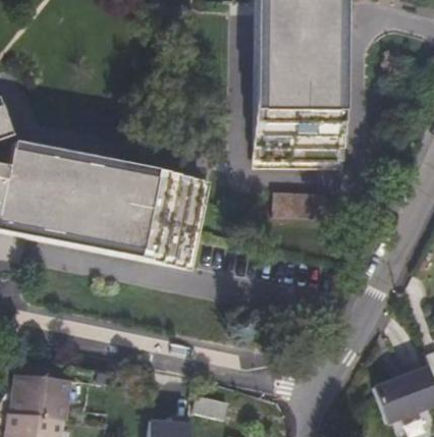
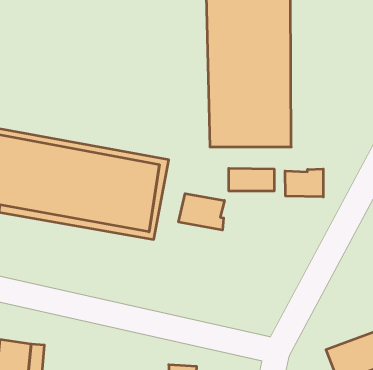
building: none -> [285,169,323,197]
building: none -> [179,194,224,230]

